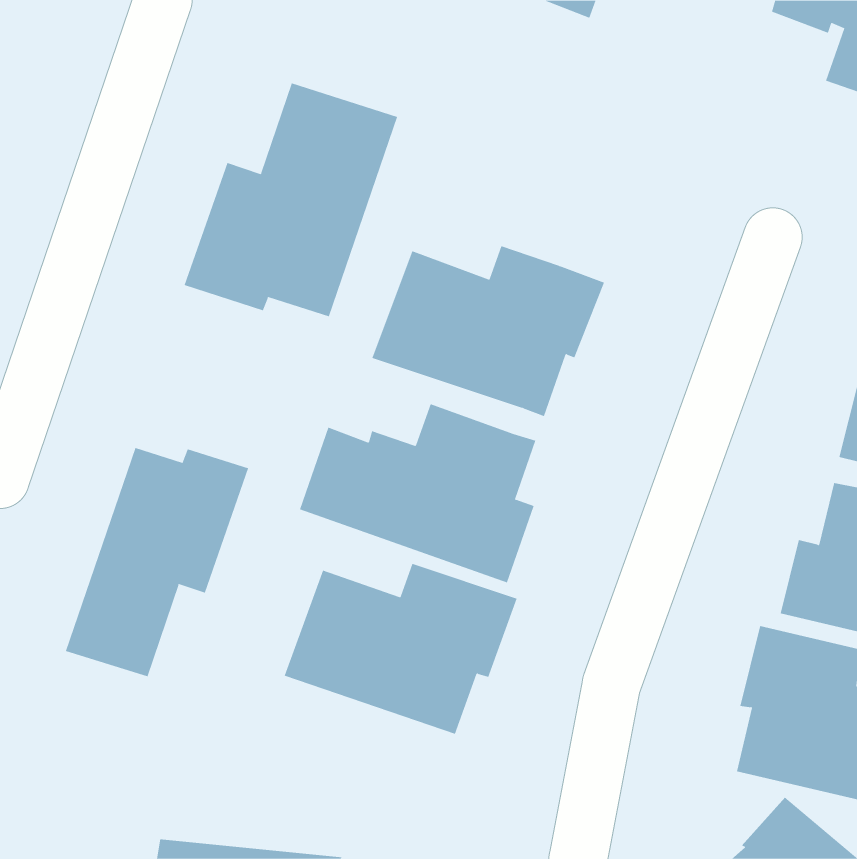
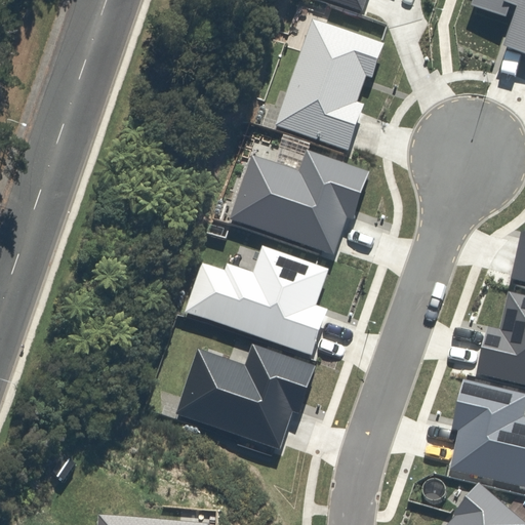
building: none -> [275,17,385,150]
building: [184,83,398,317] -> none
building: [65,447,249,677] -> none

